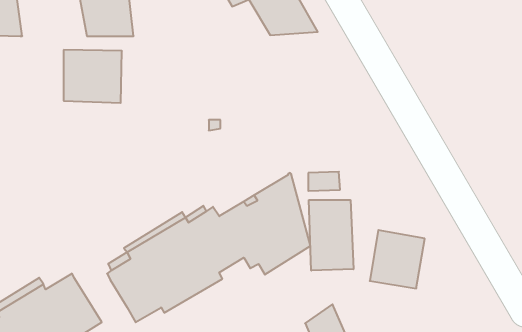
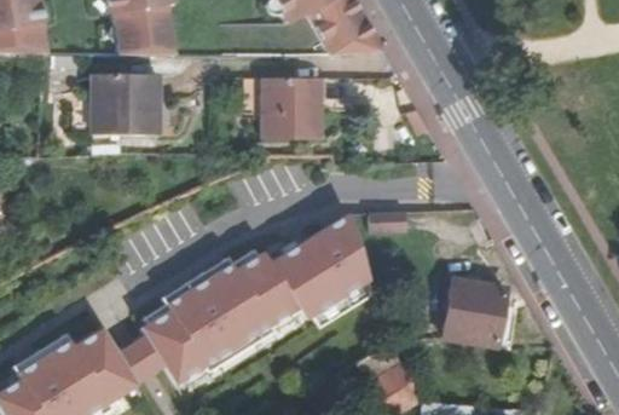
building: none -> [261,76,323,138]
building: [309,200,353,271] -> none
building: none -> [117,335,166,384]

